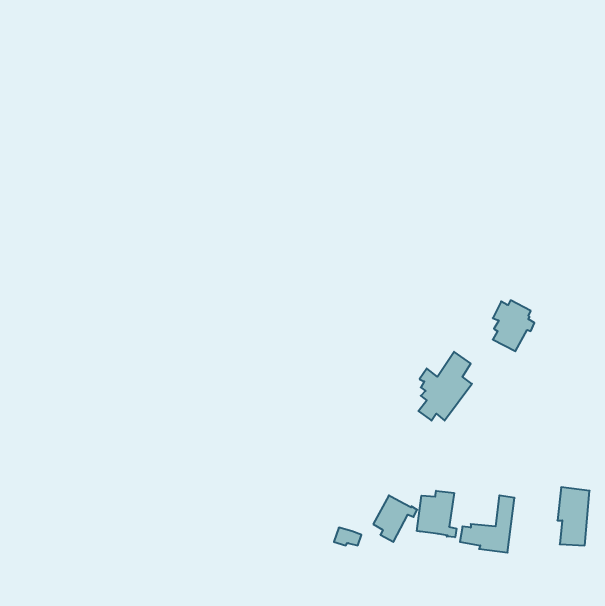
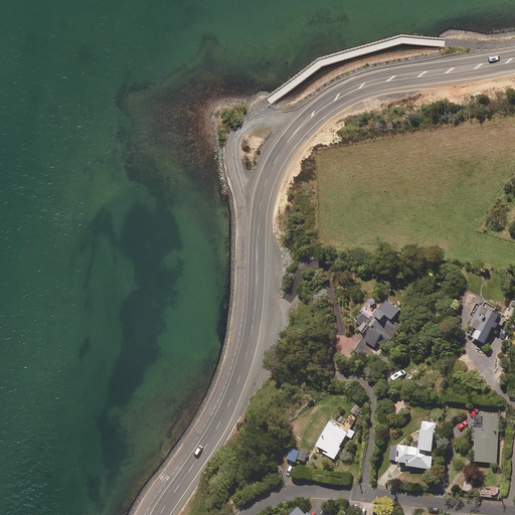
building: [493,300,534,351] -> [469,301,504,344]
building: [417,491,457,537] -> none

